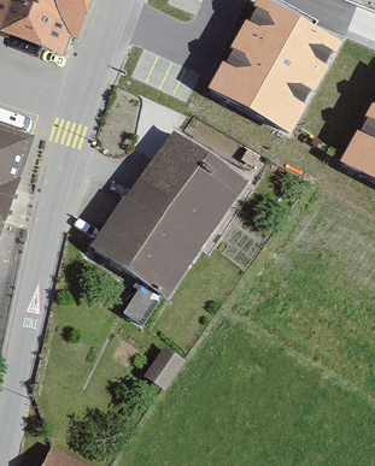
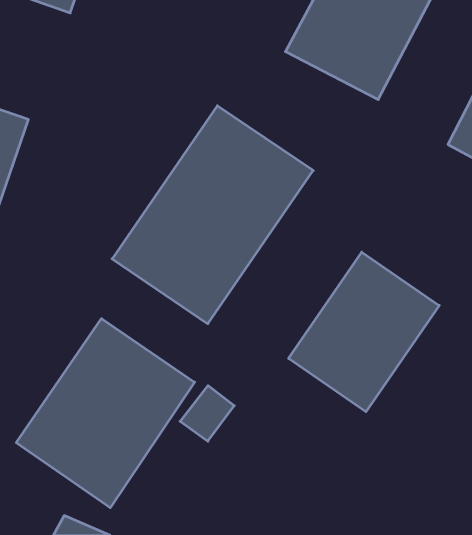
building: none -> [289,252,439,412]
building: none -> [16,319,195,508]

